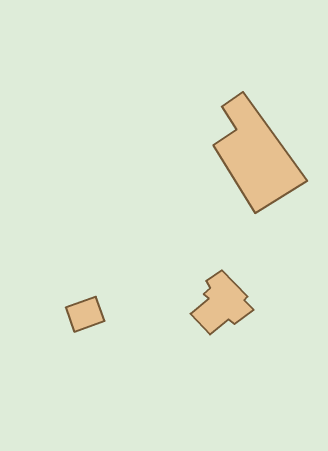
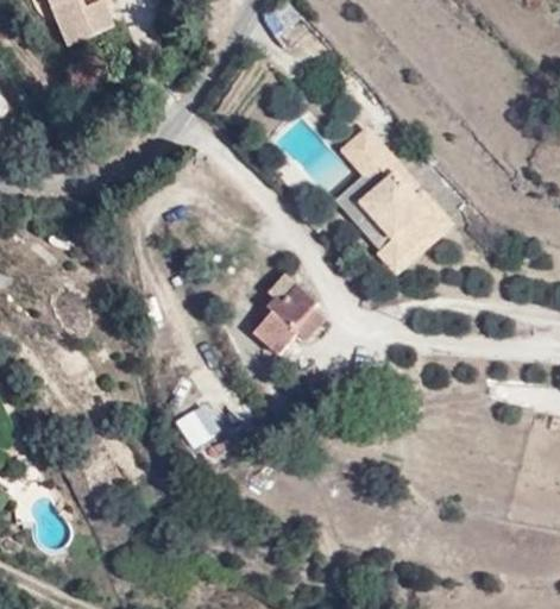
building: [190,270,254,335] -> [251,275,328,356]

